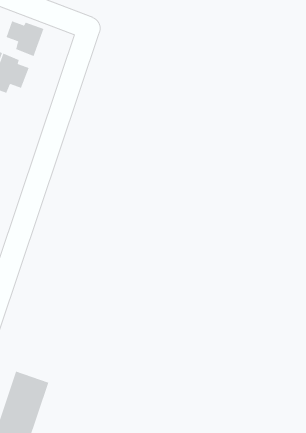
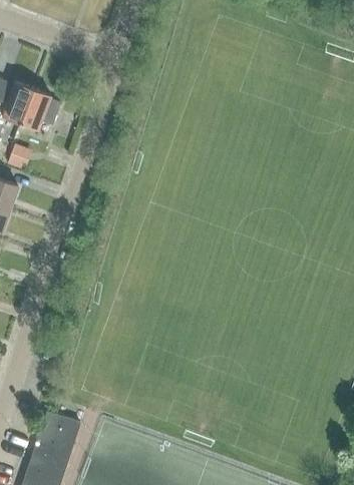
building: [6,20,44,57] -> none

